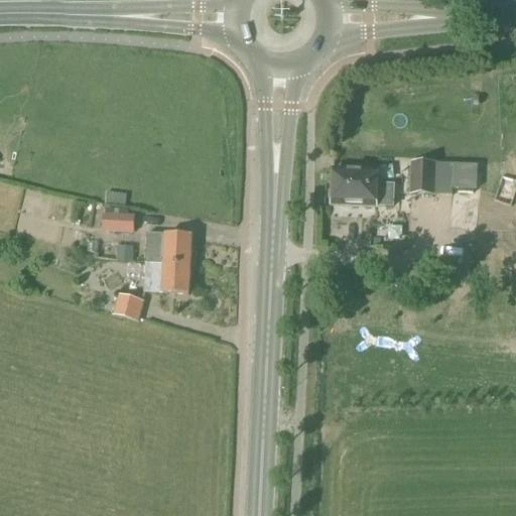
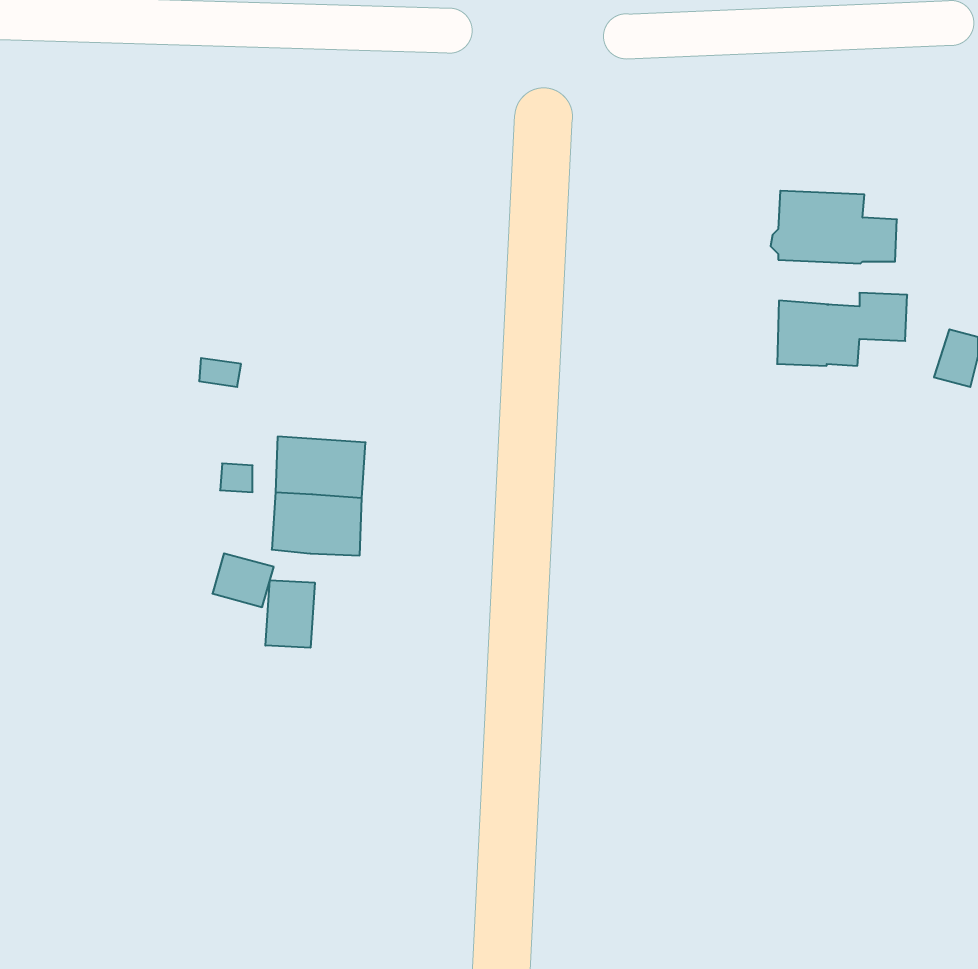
building: [329,166,395,205] -> [771,191,897,263]
building: [102,212,134,230] -> none
building: none -> [265,580,315,648]

